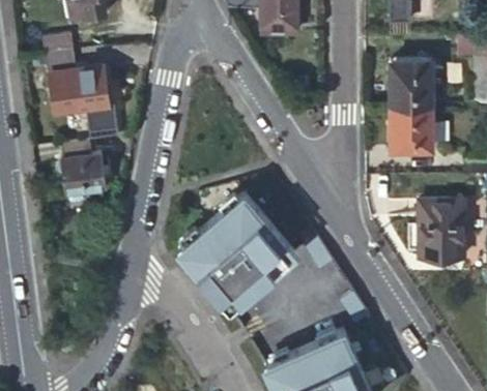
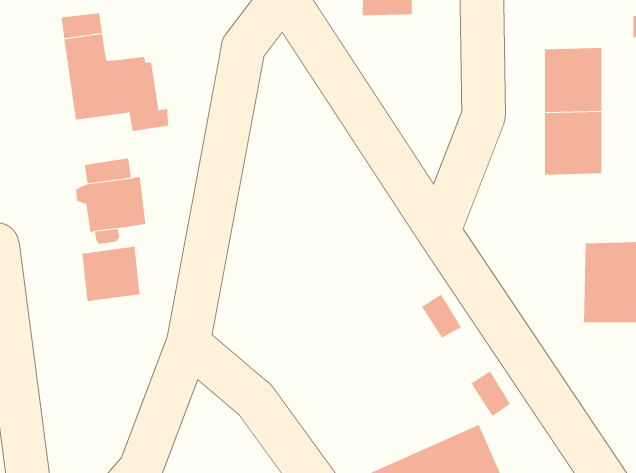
building: [179,192,296,307] -> none
building: none -> [82,246,140,302]

